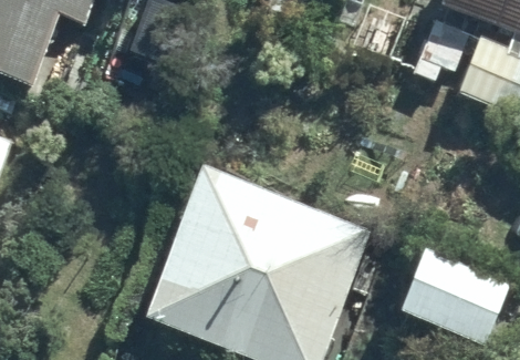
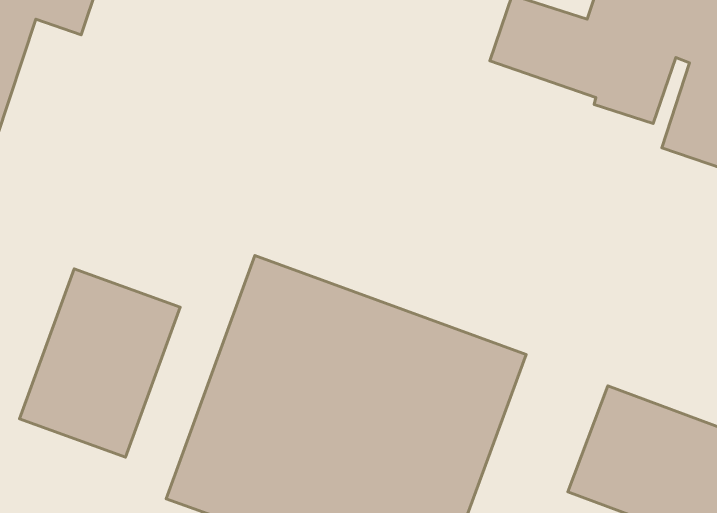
building: none -> [20,269,180,457]

